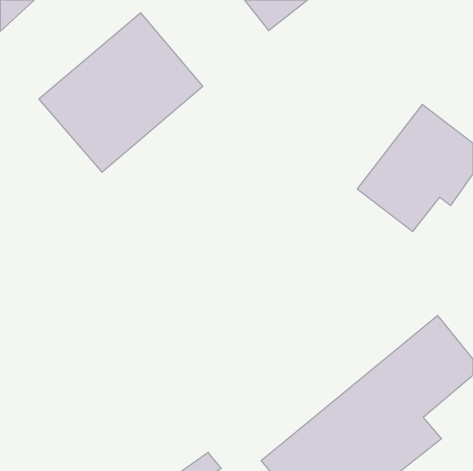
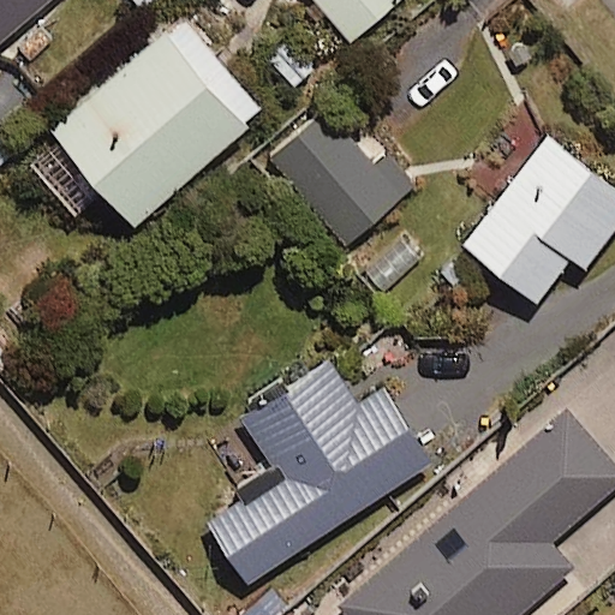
building: none -> [270,111,416,245]
building: none -> [209,364,431,584]

